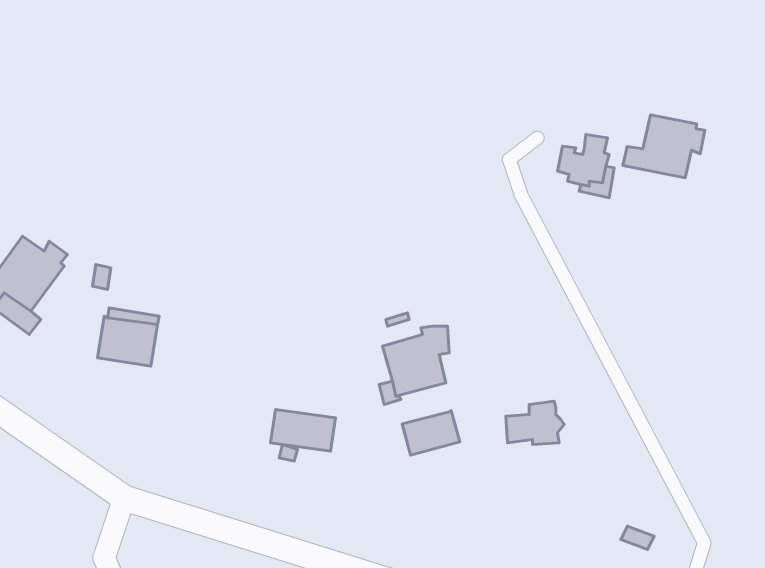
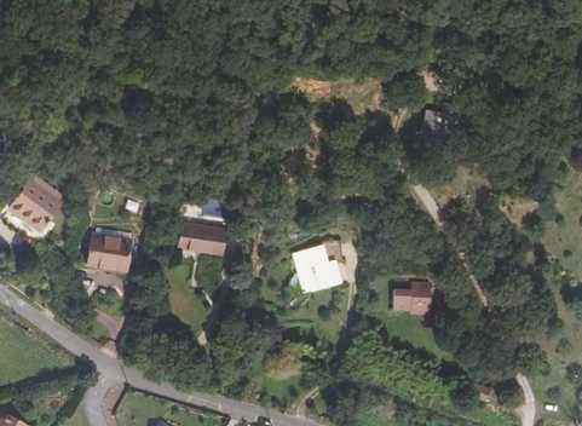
building: [623,115,705,178] -> none
building: [270,410,335,451] -> [178,223,225,253]
building: [402,411,460,455] -> none

